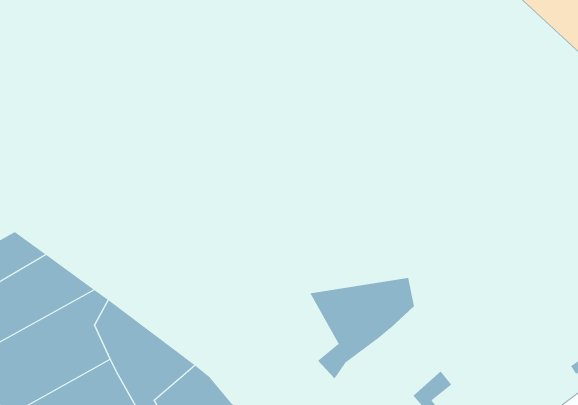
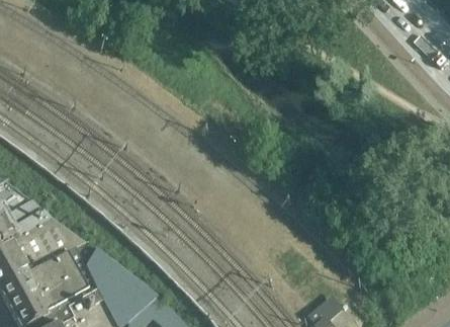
building: [309,277,415,379] -> none

